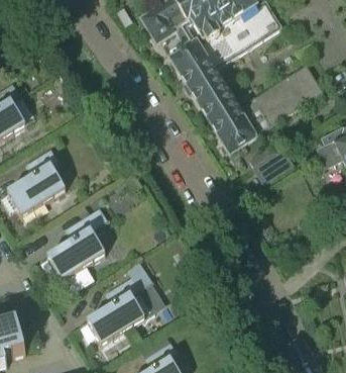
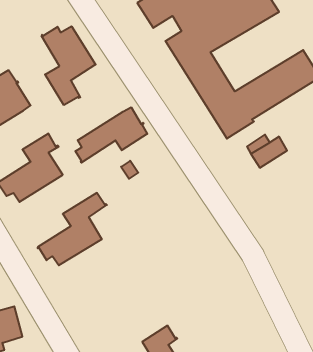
building: none -> [42,26,96,105]
building: none -> [75,107,147,163]
building: [80,268,154,343] -> none

